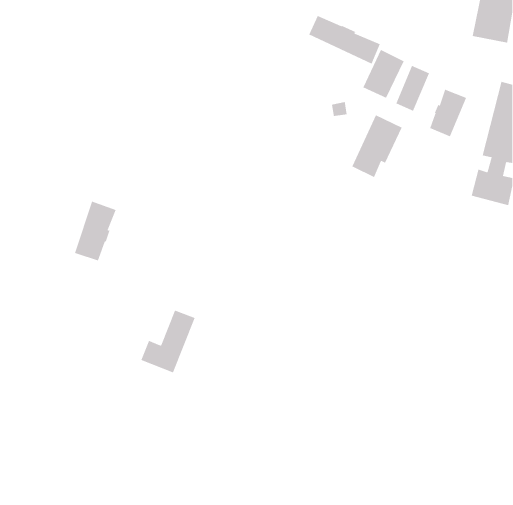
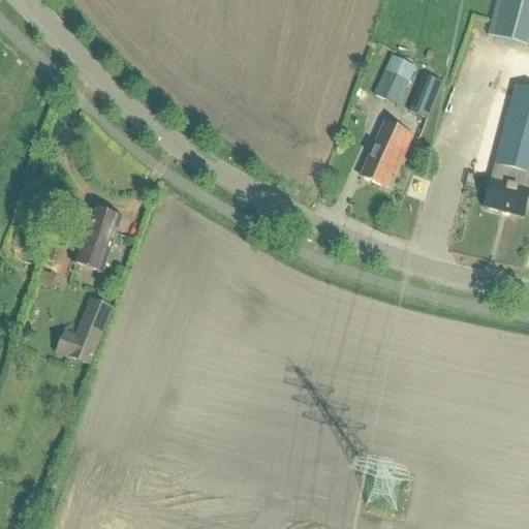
building: [309,15,380,65] -> none
building: [429,89,467,137] -> none
building: [140,310,196,373] -> [56,297,113,362]

